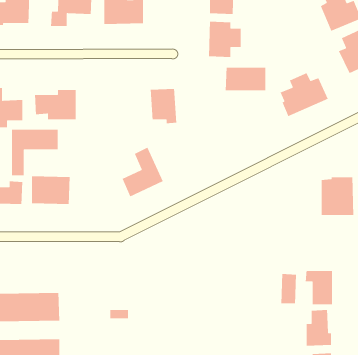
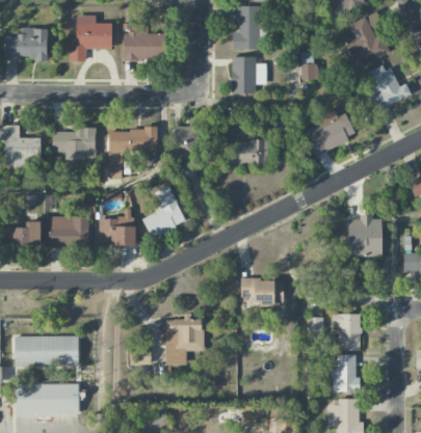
building: none -> [300,51,316,79]
building: [225,67,266,91] -> [223,140,266,165]
building: [11,129,59,176] -> [109,129,158,178]
building: none -> [99,208,135,245]
building: none -> [241,278,284,304]
building: none -> [165,318,203,363]

